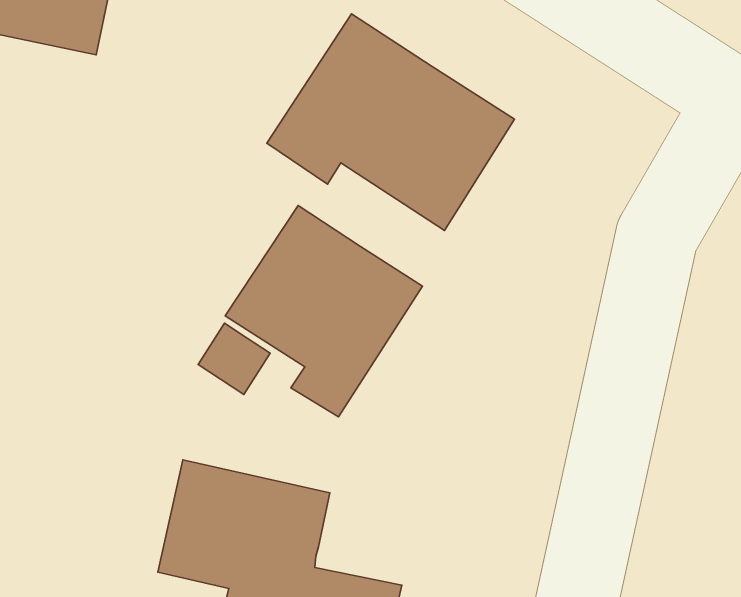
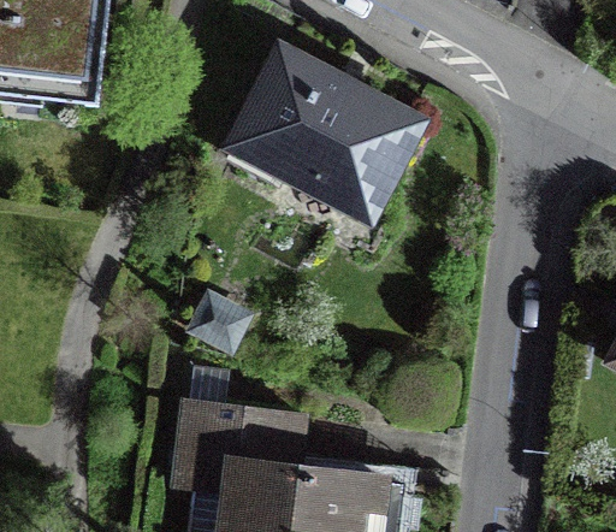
building: [225,205,423,417] -> none

